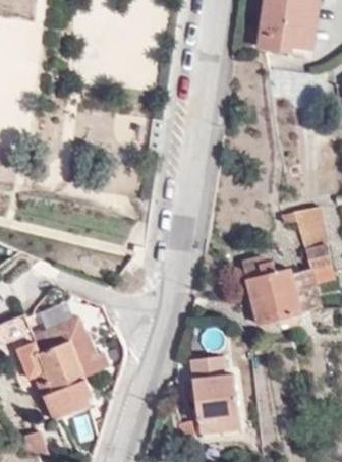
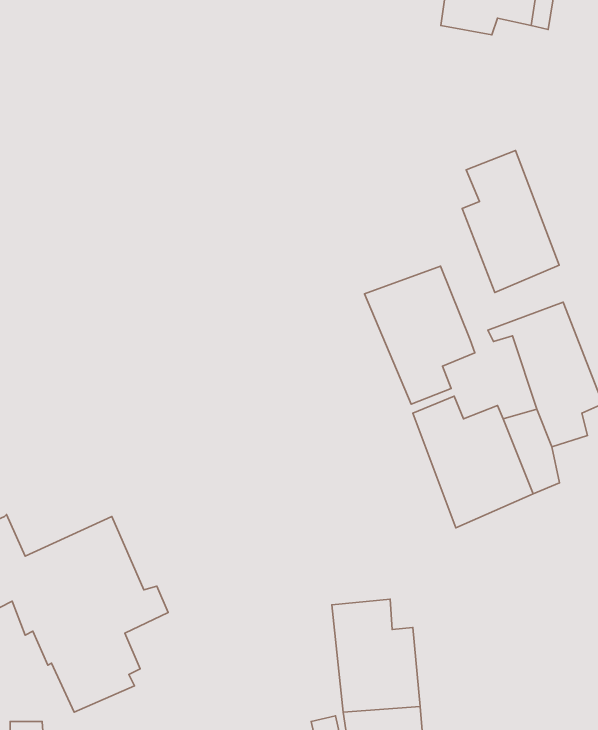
building: none -> [462,151,559,293]
building: none -> [364,266,475,404]

